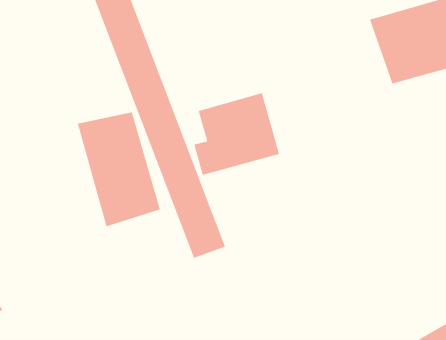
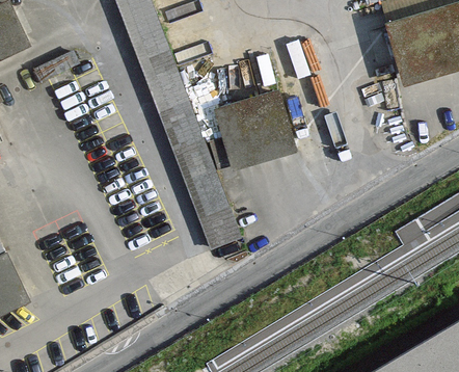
building: [77,112,161,227] -> none

